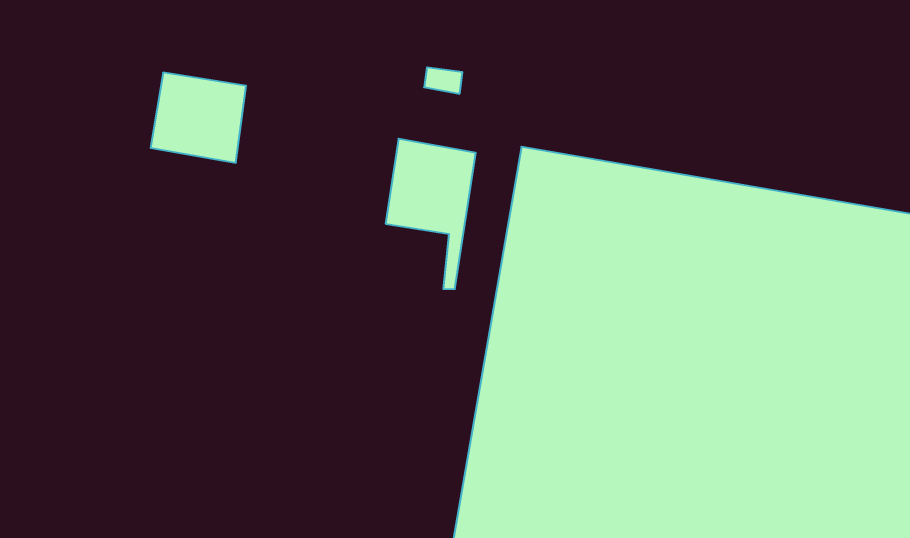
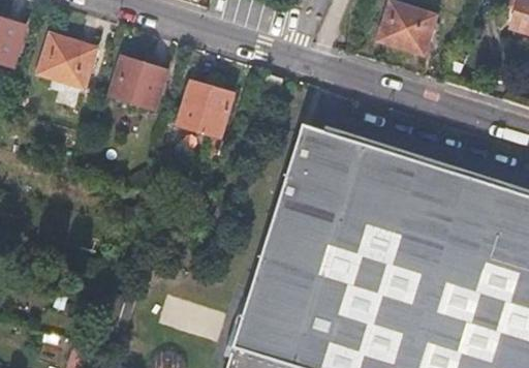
building: none -> [40,32,96,85]
building: [386,139,476,289] -> [179,79,232,163]

